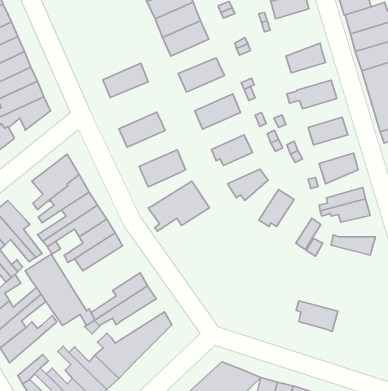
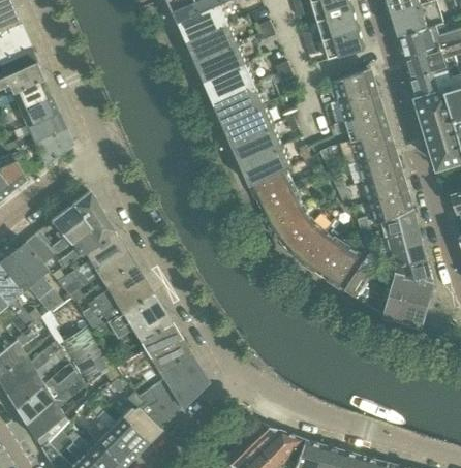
building: none -> [321,29,365,60]
building: none -> [339,89,383,120]
building: [103,63,148,98] -> [205,63,255,101]
building: none -> [351,129,396,161]
building: [119,112,165,147] -> [222,103,274,143]
building: none -> [364,169,408,201]
building: [139,150,186,187] -> [240,145,291,186]
building: none -> [263,189,304,224]
building: none -> [367,209,419,242]
building: none -> [287,220,325,264]
building: [148,181,209,231] -> [102,293,171,349]
building: none -> [23,230,56,263]
building: none -> [322,242,361,287]
building: none -> [392,259,433,283]
building: none -> [139,352,197,402]
building: [296,301,338,332] -> [380,292,427,326]
building: none -> [25,379,82,438]

